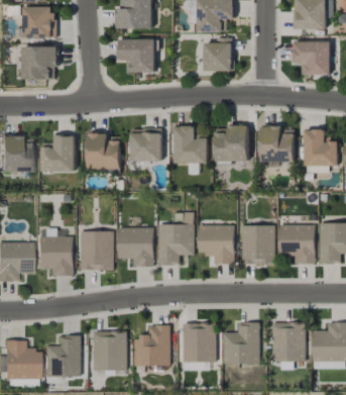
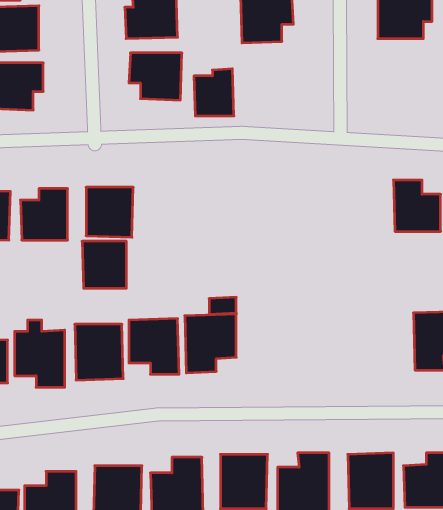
building: [204,37,232,71] -> [194,69,234,116]
building: [293,41,330,75] -> none
building: [215,125,248,163] -> none
building: [175,126,208,164] -> none
building: [260,126,295,163] -> none
building: [130,128,161,162] -> [82,241,126,288]
building: [278,224,315,265] -> none
building: [198,225,234,265] -> none
building: [241,225,274,265] -> none

